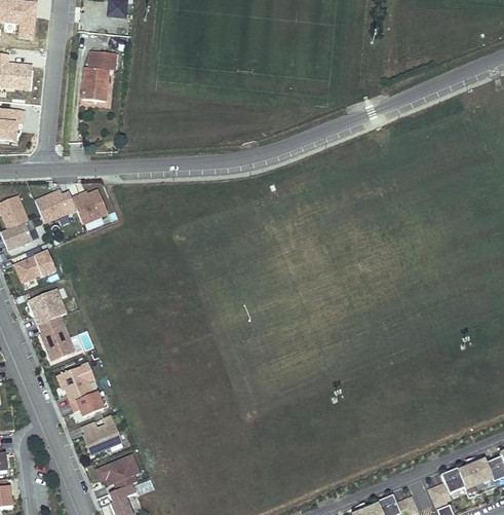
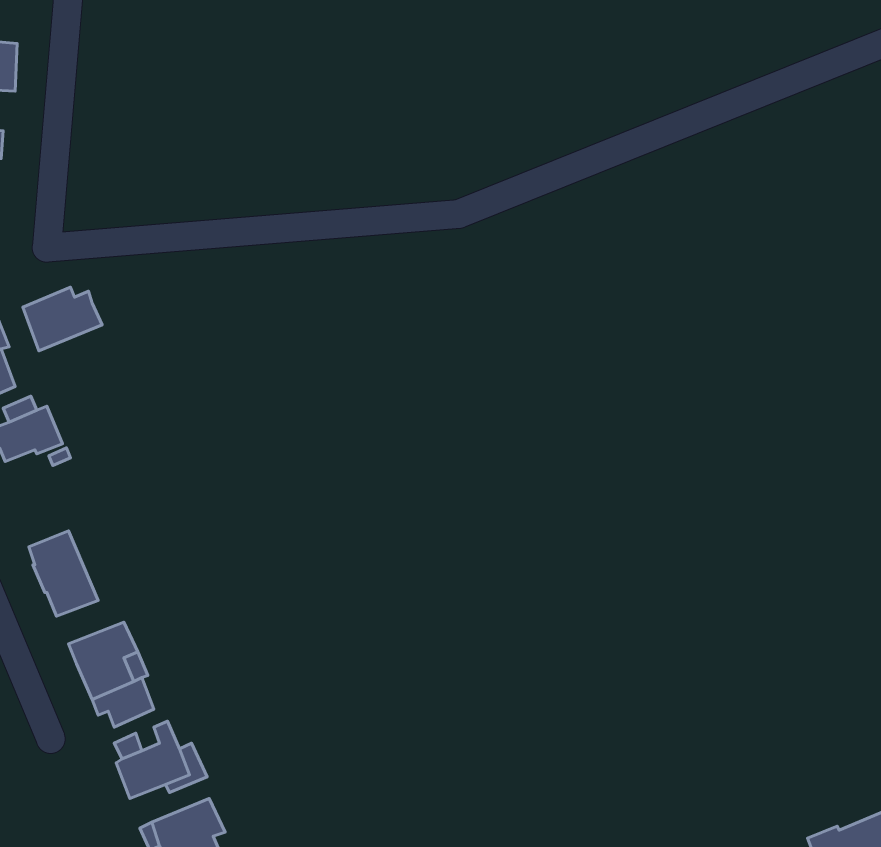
building: [82,51,116,102] -> none
building: [71,190,108,224] -> none
building: [28,289,66,325] -> none

